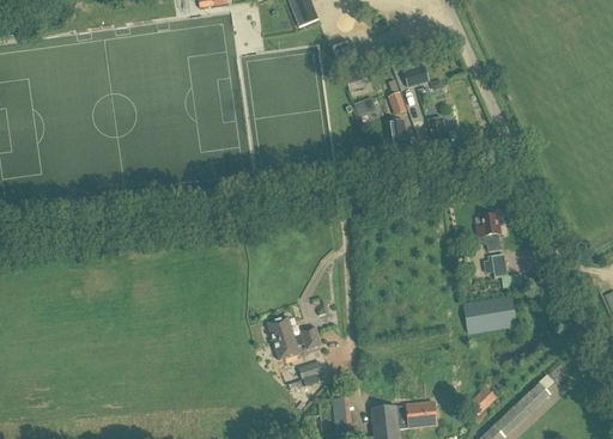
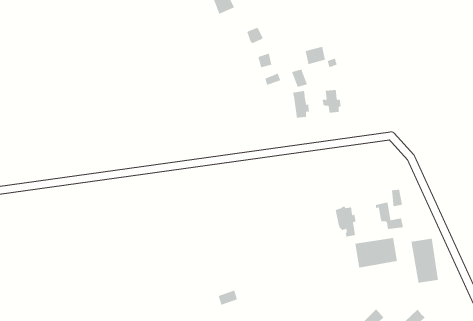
building: [475,214,502,252] -> [335,206,357,237]
building: none -> [411,238,438,284]
building: [266,316,320,361] -> none

